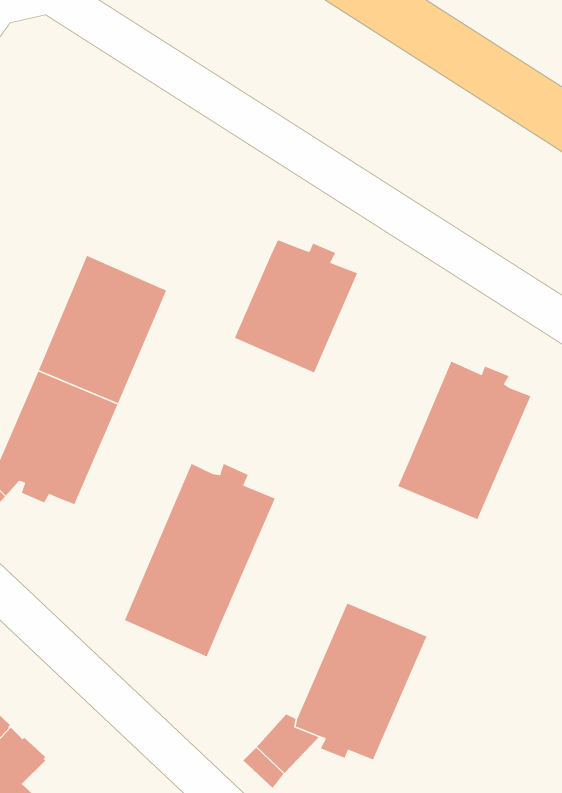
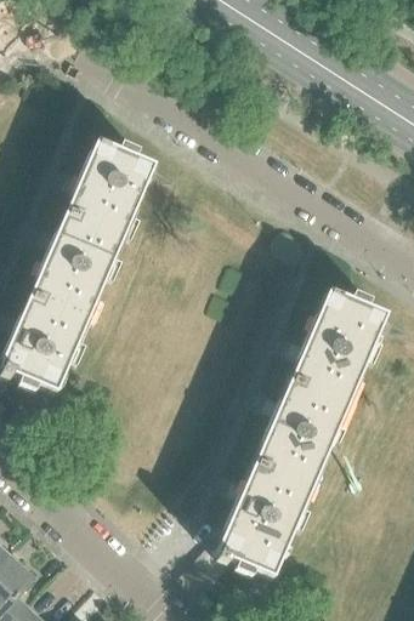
building: [234,239,358,373] -> [66,142,155,239]
building: [124,463,276,658] -> none
building: none -> [254,381,348,489]

